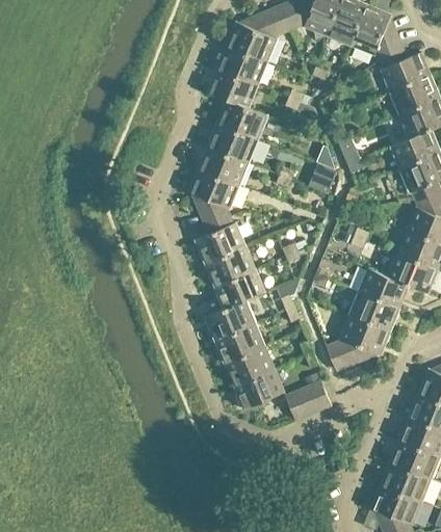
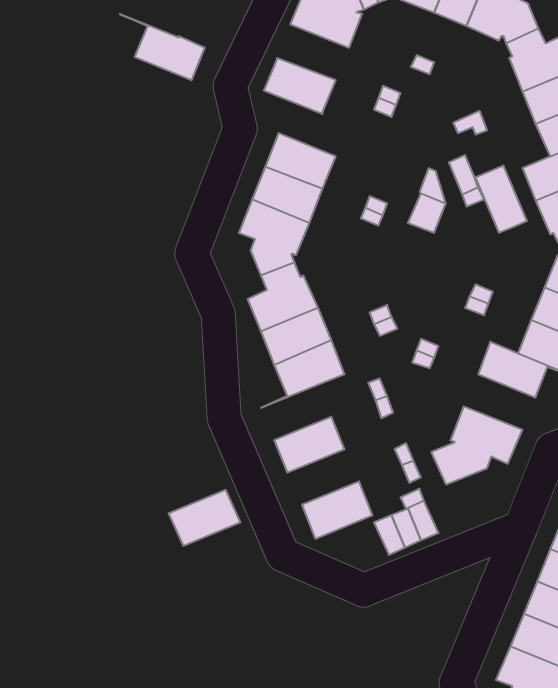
building: [217,45,268,84] -> none
building: [208,91,268,138] -> [120,14,205,80]
building: none -> [476,165,527,233]
building: [349,292,400,331] -> none
building: [206,299,256,339] -> none
building: [225,345,276,384] -> [168,490,240,546]

